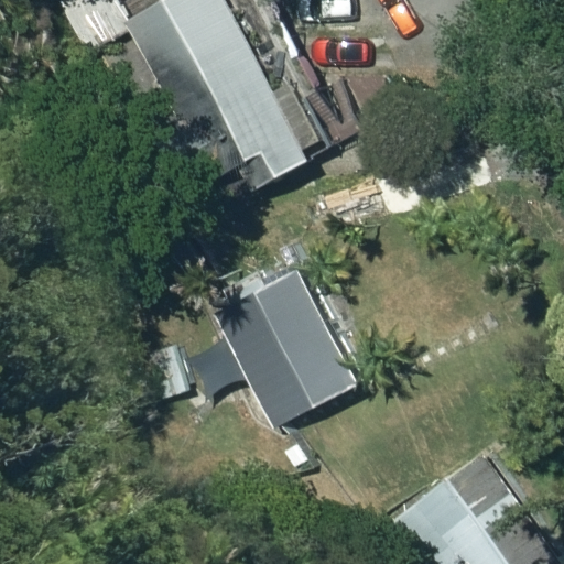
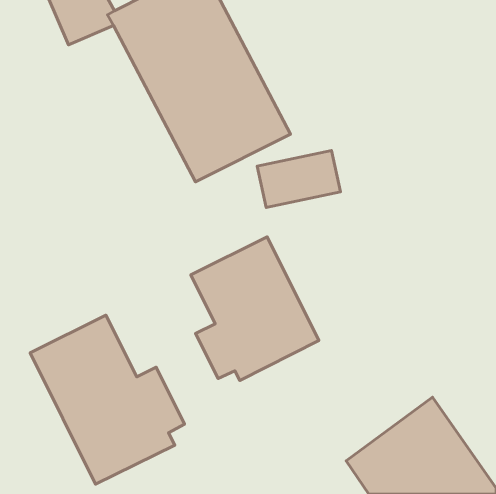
building: none -> [30,315,185,484]

